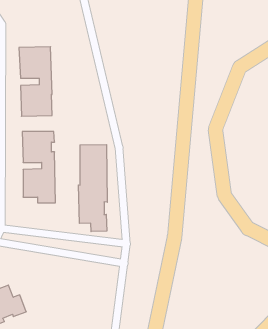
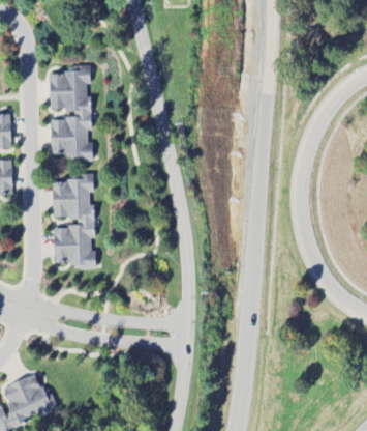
building: [78,145,107,232] -> none

